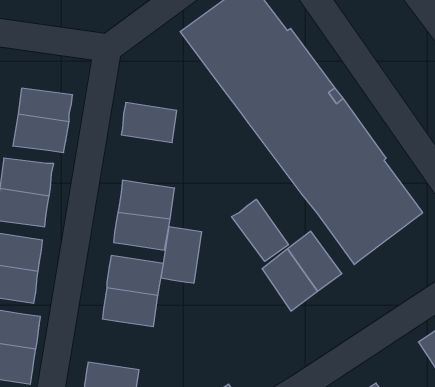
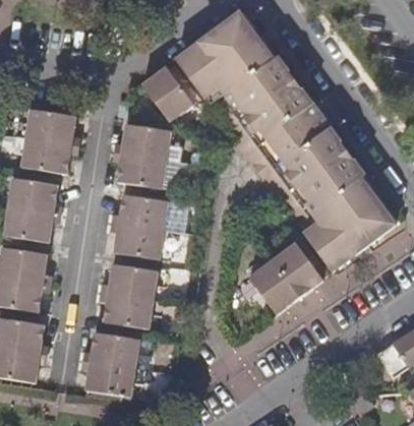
building: none -> [140,64,194,122]
building: none -> [116,154,167,189]
building: [232,199,288,261] -> none
building: [161,226,202,283] -> none
building: none -> [90,332,141,369]

